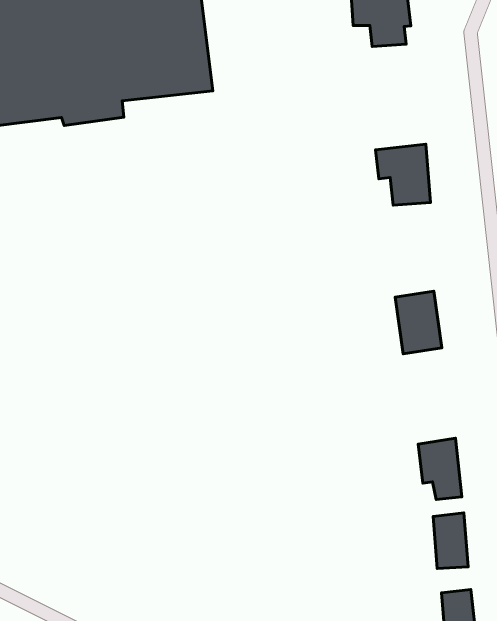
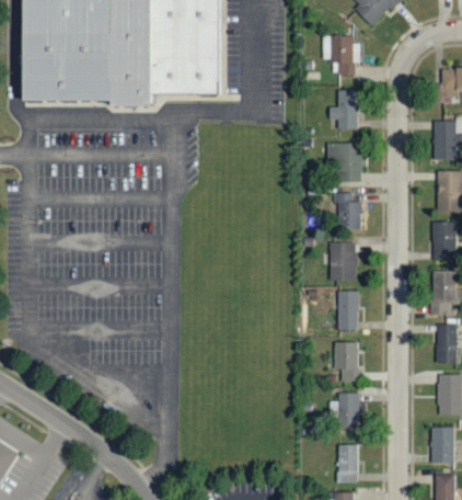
building: none -> [330,90,358,129]
building: none -> [336,193,361,230]
building: none -> [337,292,359,330]

